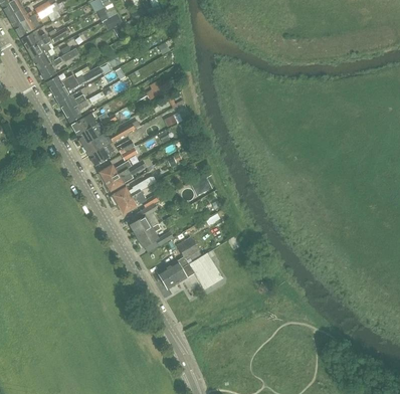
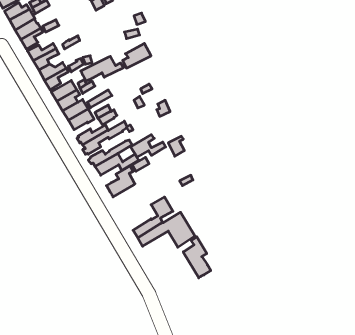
building: none -> [81,56,123,81]
building: [136,223,173,247] -> [130,135,166,157]
building: none -> [183,237,211,278]

